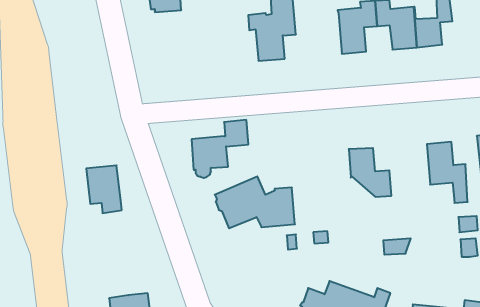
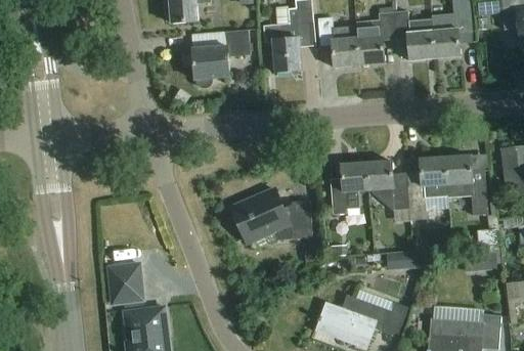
building: none -> [317,16,359,67]
building: [192,120,248,178] -> [192,29,250,87]
building: none -> [407,156,448,219]
building: none -> [330,161,368,213]
building: [86,165,122,213] -> [108,263,144,311]

